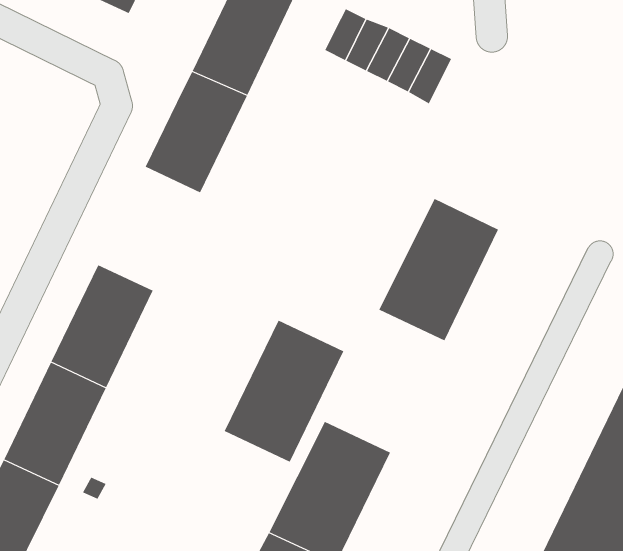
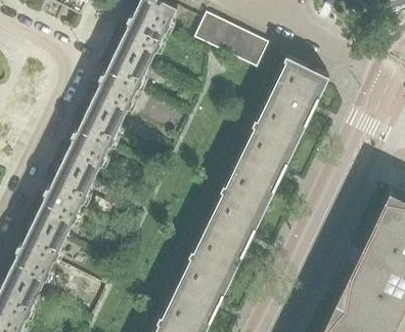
building: none -> [258,57,327,142]
building: none -> [60,106,121,178]
building: [224,320,344,463] -> [193,190,264,274]

